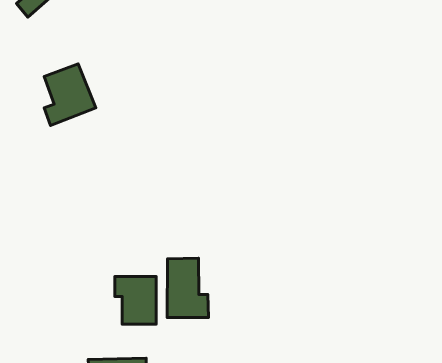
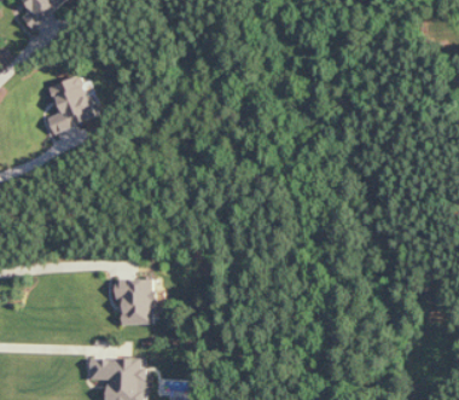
building: [167,258,208,318] -> none

